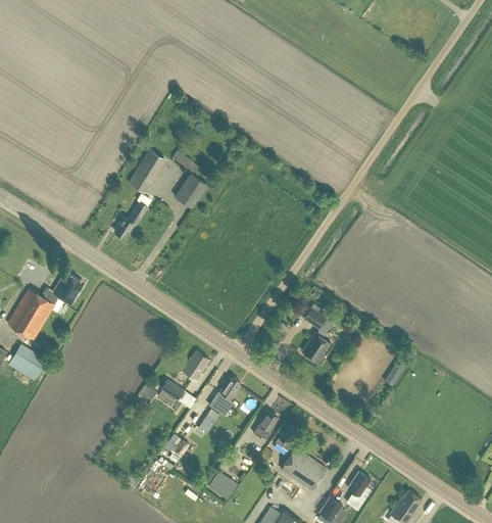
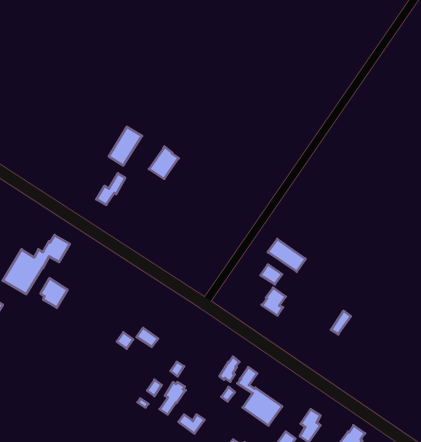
building: none -> [268,239,305,272]
building: [15,347,46,381] -> [41,278,67,308]
building: [181,350,209,381] -> none
building: [211,377,241,414] -> [160,382,186,414]

